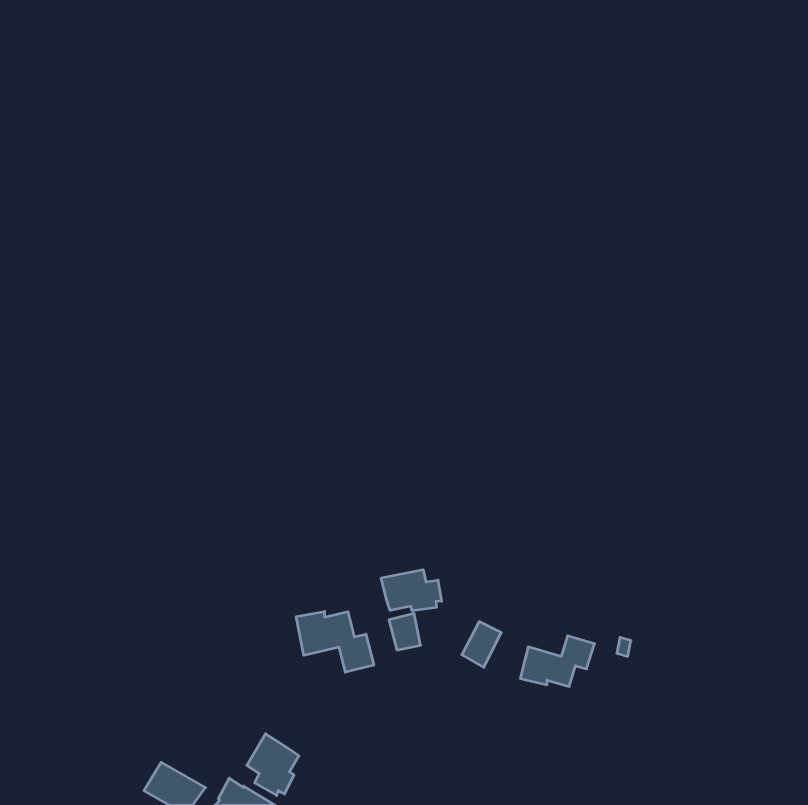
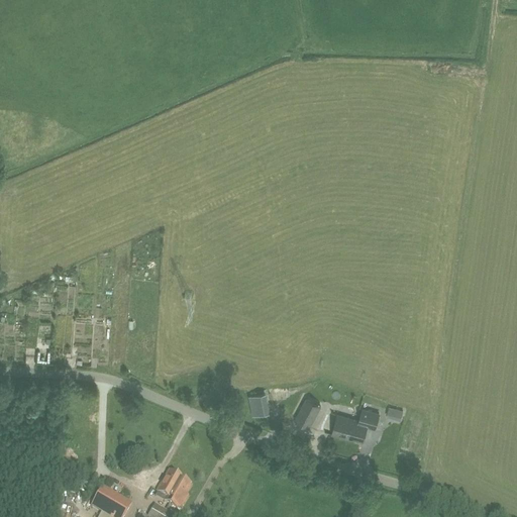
building: [381,570,442,611] -> none
building: [296,611,374,672] -> none

